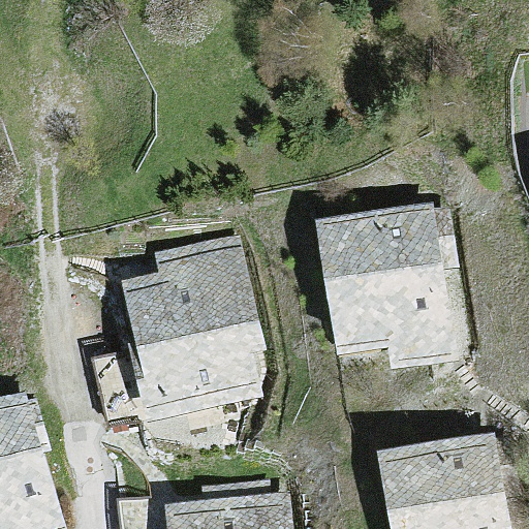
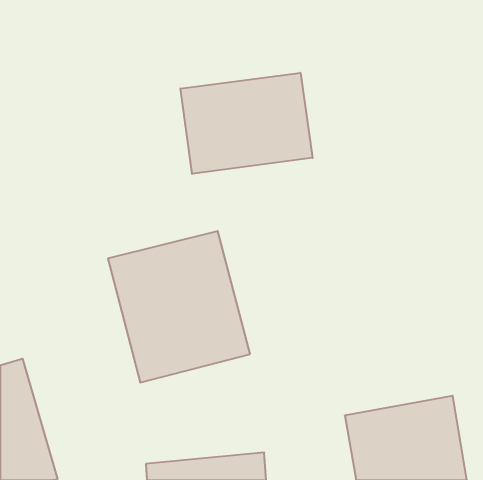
building: none -> [181,73,313,174]
building: [319,210,454,357] -> none

